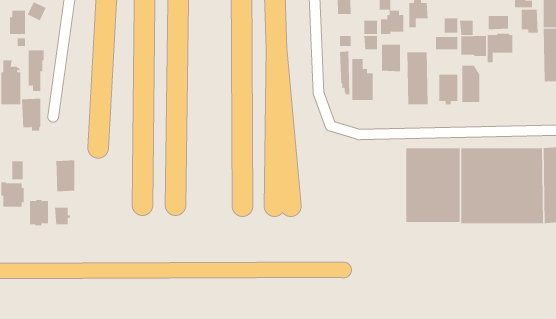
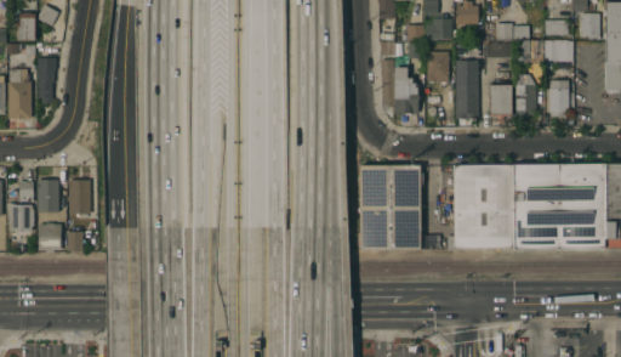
building: none -> [548,80,574,115]
building: [21,98,41,131] -> [36,178,58,215]
building: none -> [360,165,421,249]

